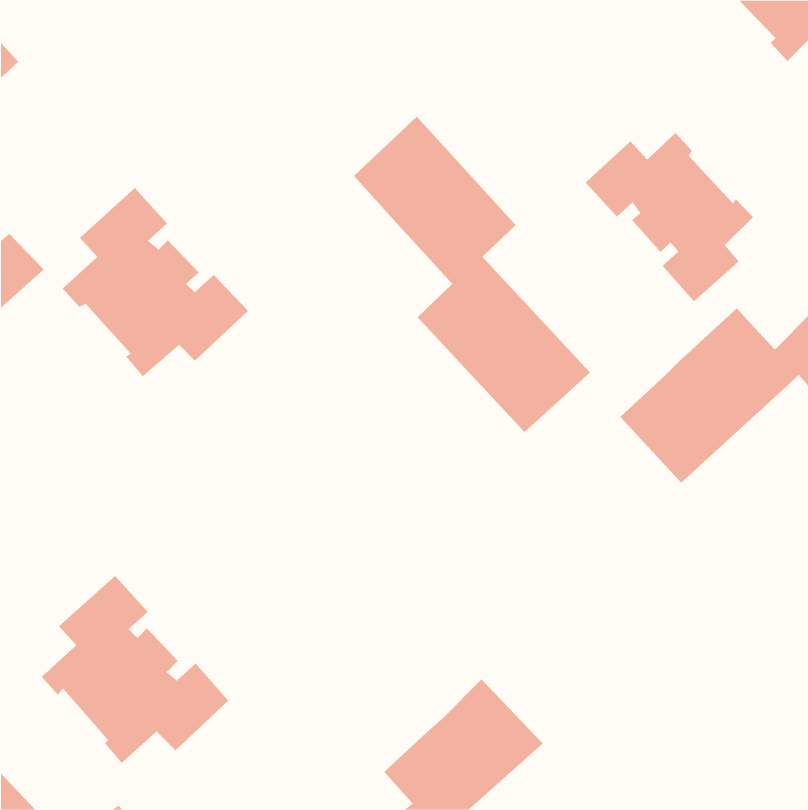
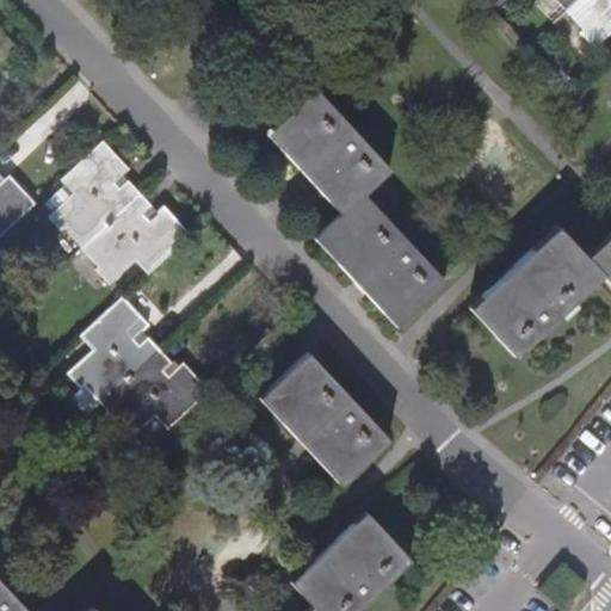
building: [585,132,754,302] -> none
building: none -> [259,352,389,485]
building: [41,575,229,764] -> [67,297,209,439]

